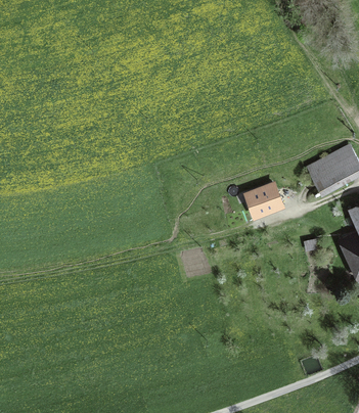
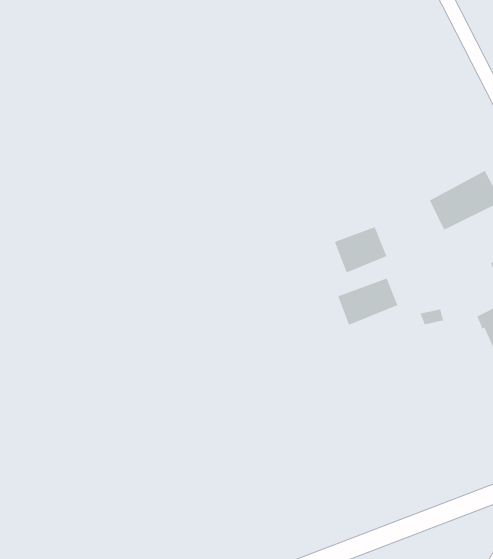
building: none -> [337,277,399,326]

